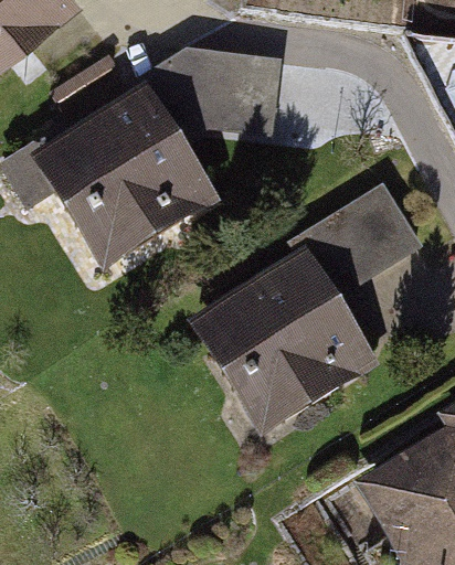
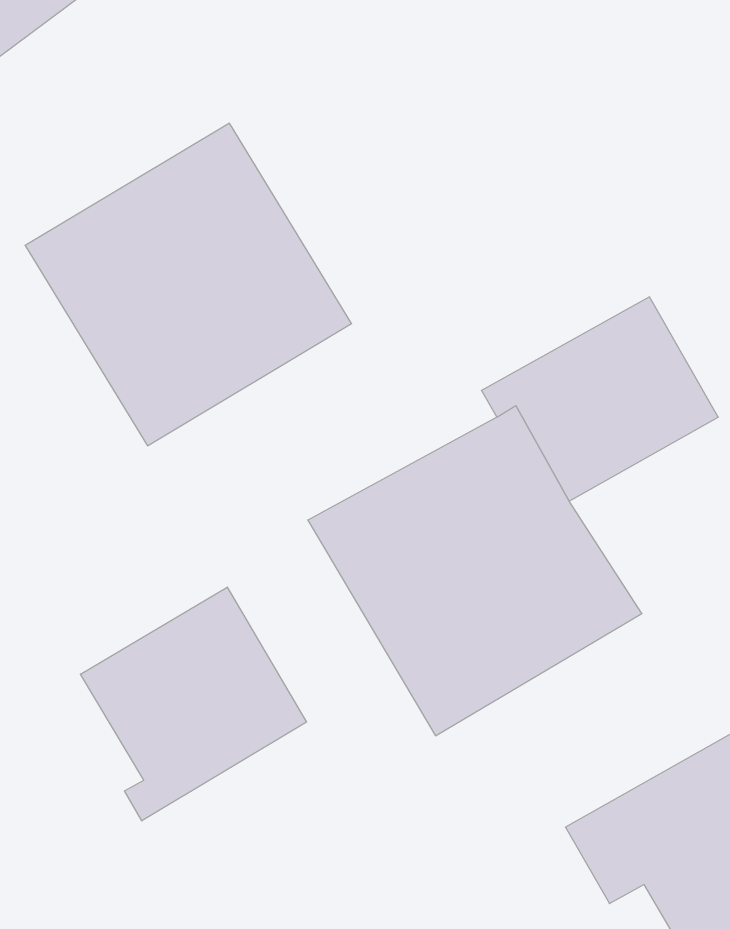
building: [187,54,292,130] -> none
building: none -> [80,587,307,821]

